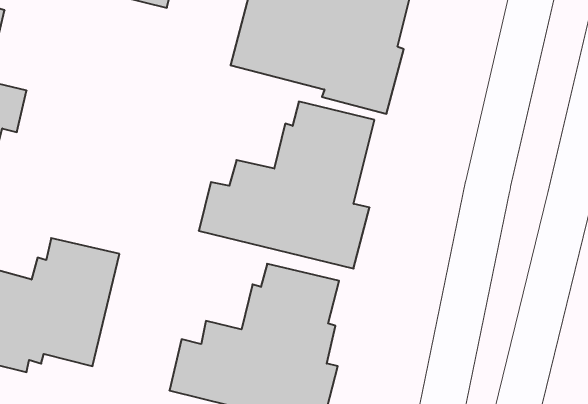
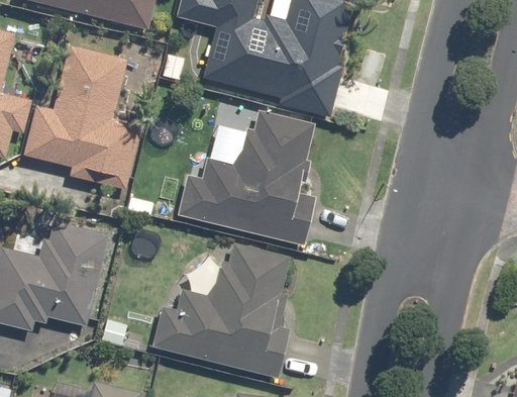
building: none -> [21,43,141,191]

